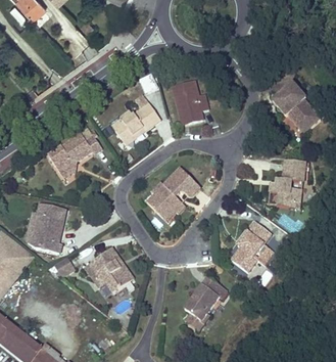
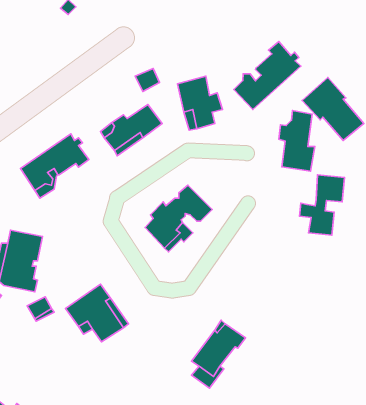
building: none -> [234,42,301,109]
building: none -> [279,111,315,171]
building: [231,222,274,272] -> none

